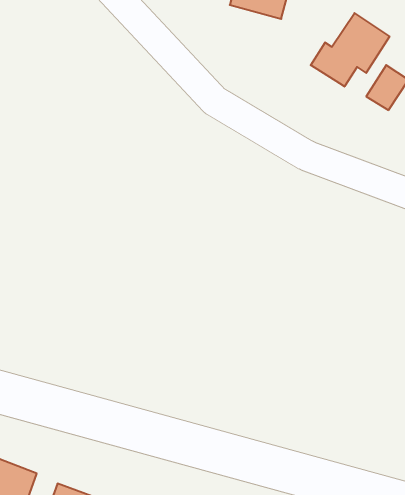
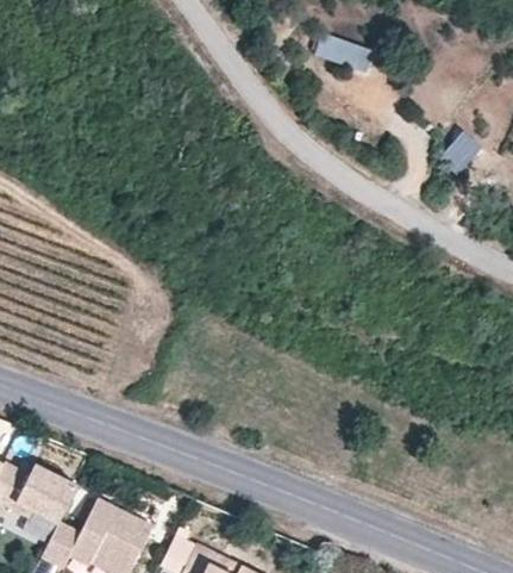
building: [311,13,389,87] -> none

